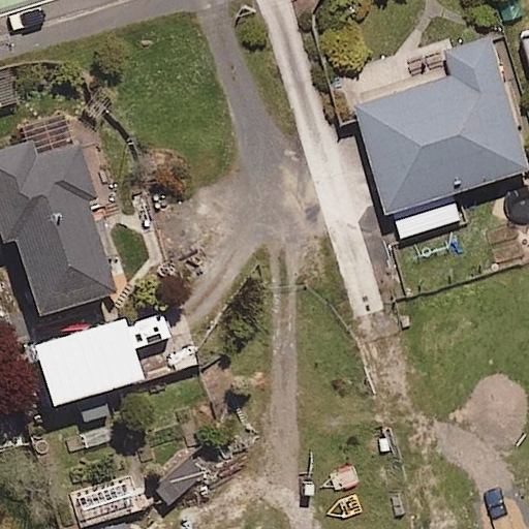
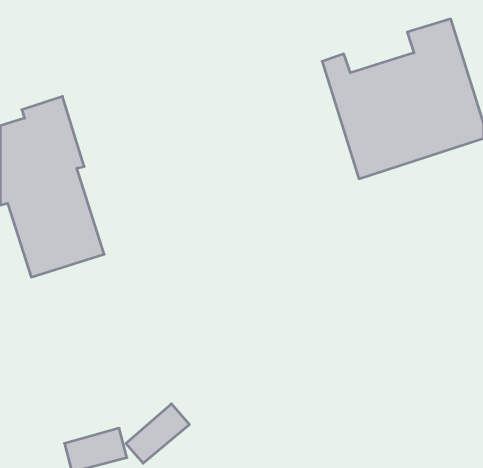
building: [23,341,104,415] -> none

